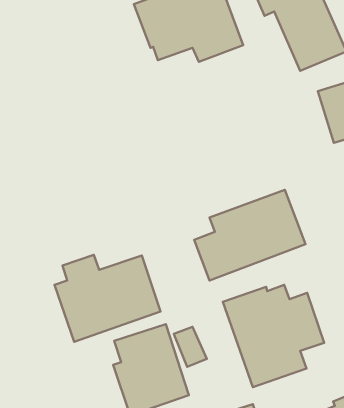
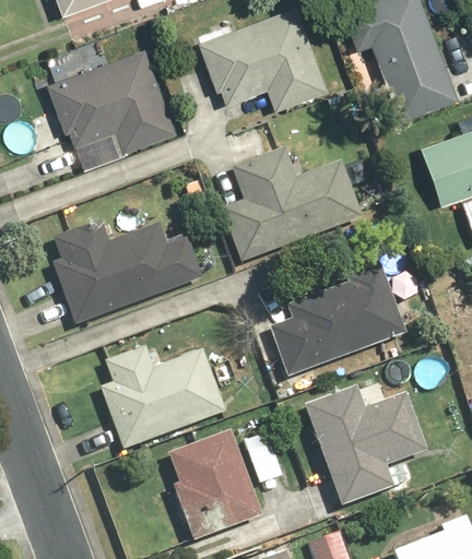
building: none -> [50,40,176,164]
building: none -> [221,148,367,263]
building: none -> [51,218,201,323]

